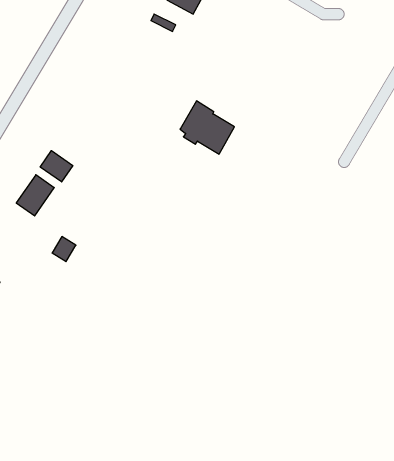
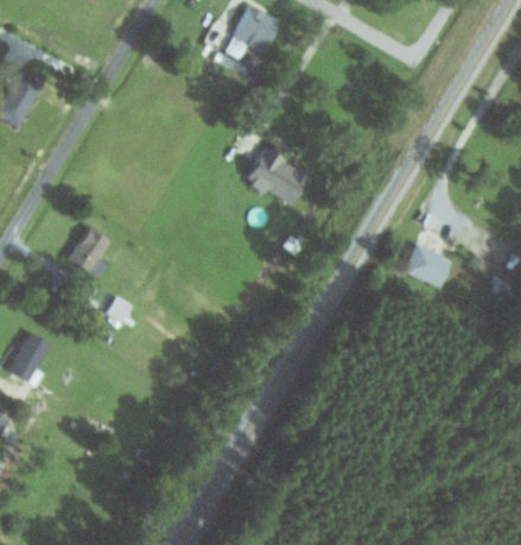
building: [40,151,73,182] -> none
building: none -> [404,242,451,287]

